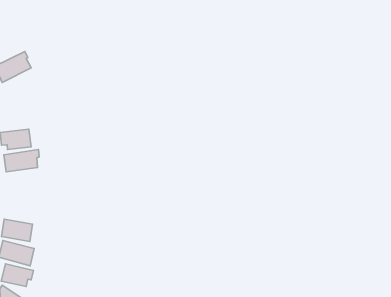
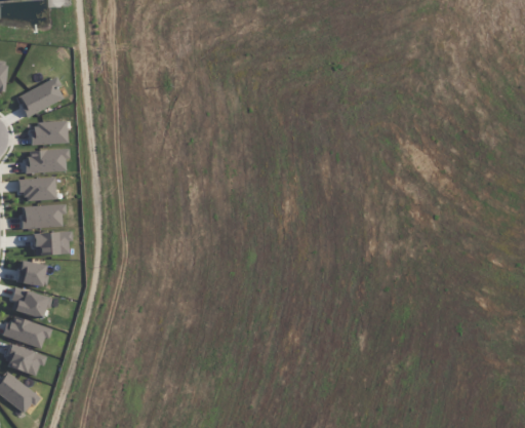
building: none -> [30,121,67,144]
building: none -> [25,149,69,172]
building: none -> [33,231,70,255]
building: none -> [16,260,48,286]

